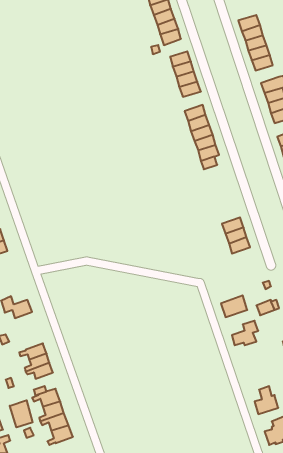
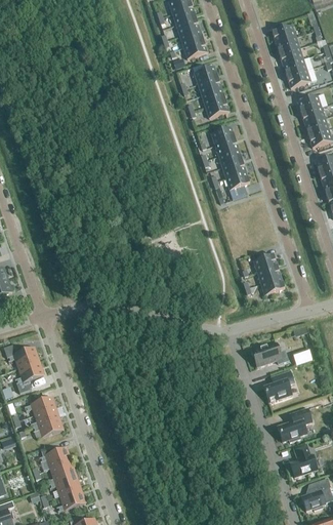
building: none -> [15,360,43,392]
building: none -> [278,407,313,441]
building: [10,400,33,427] -> none

